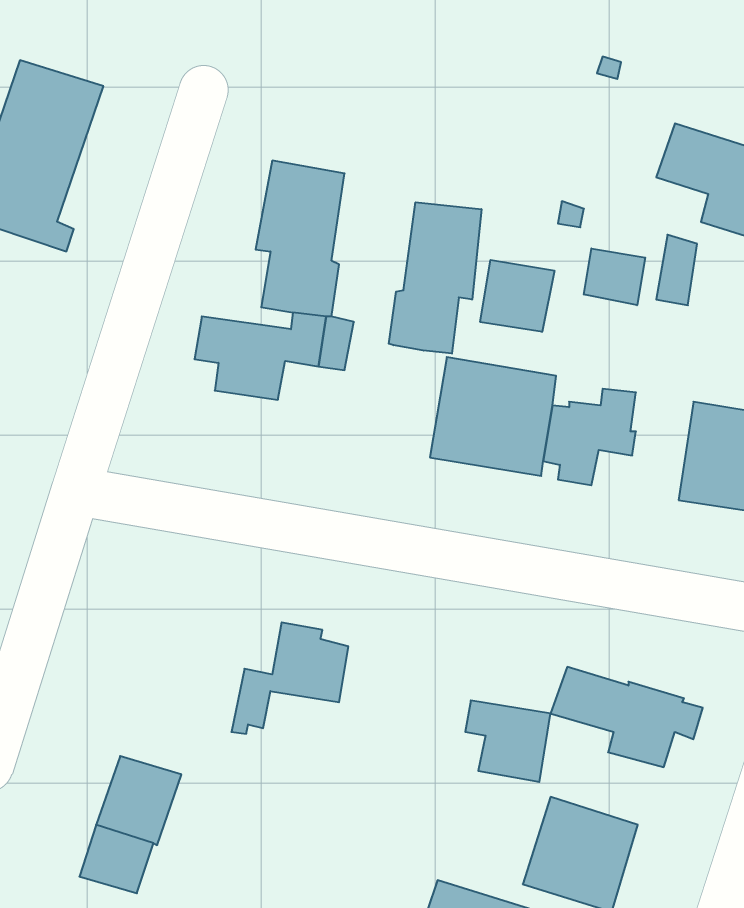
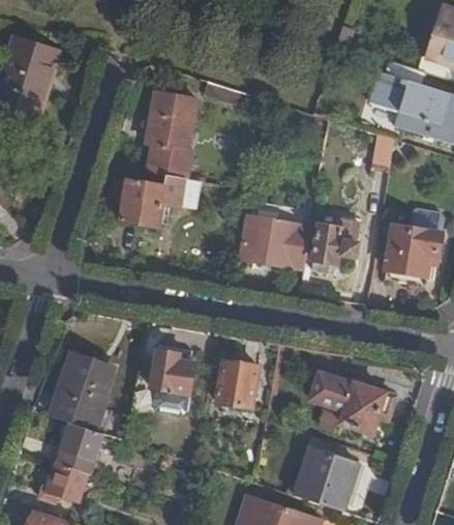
building: [389,202,481,354] -> none
building: [584,248,645,305] -> none
building: [480,260,554,332] -> none
building: none -> [51,357,112,434]
building: none -> [149,387,191,413]
building: [465,700,551,782] -> [209,360,256,406]

